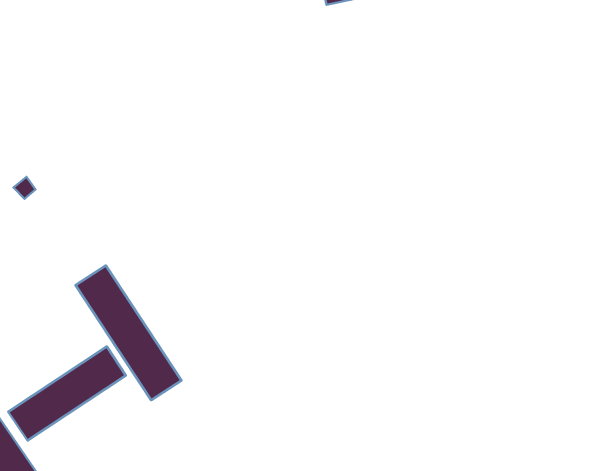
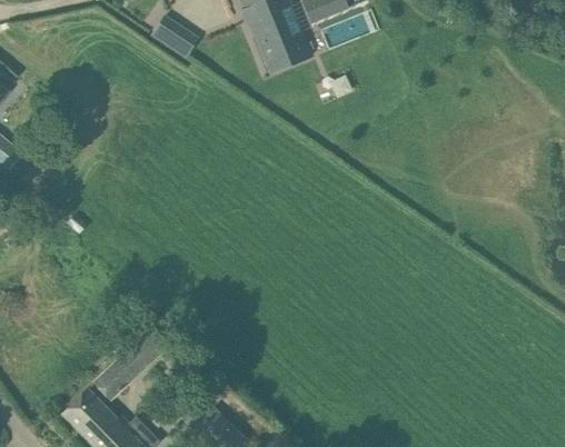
building: [76,266,181,400] -> none

